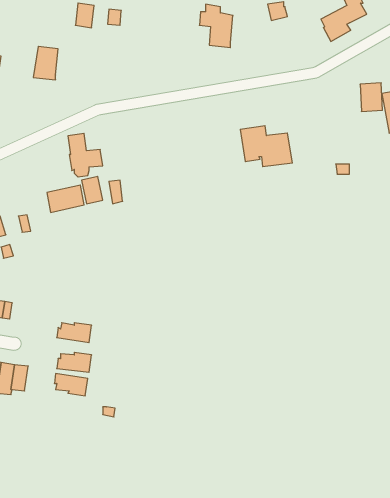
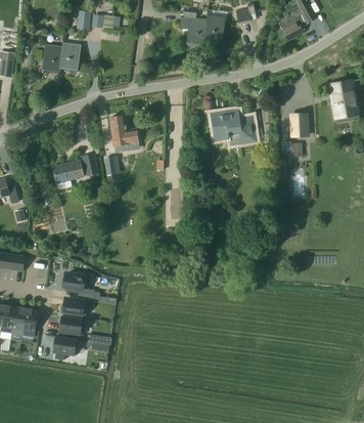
building: none -> [203,16,223,44]
building: none -> [59,43,80,72]
building: [360,83,382,111] -> [289,113,308,136]
building: [68,133,103,177] -> [109,115,138,151]
building: none -> [52,336,80,355]

